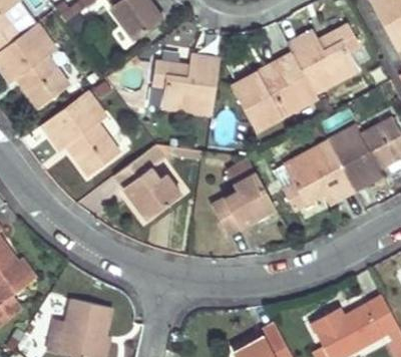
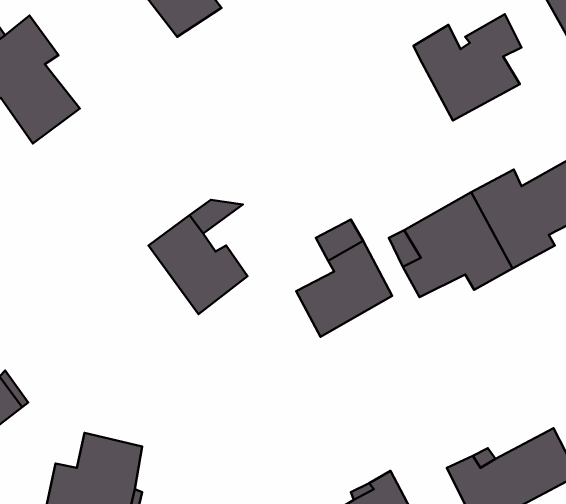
building: [232,52,317,130] -> none
building: [152,55,220,115] -> none
building: [41,91,119,176] -> none

